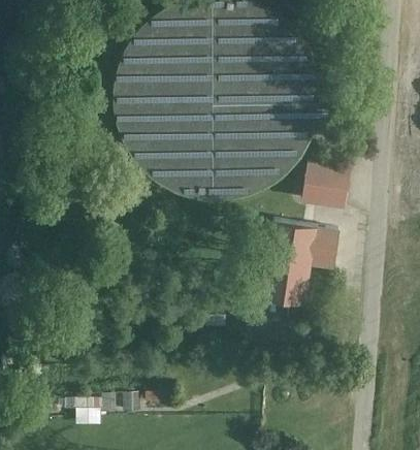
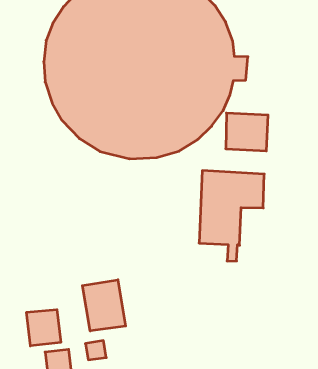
building: none -> [82,280,126,331]
building: none -> [27,310,61,346]

